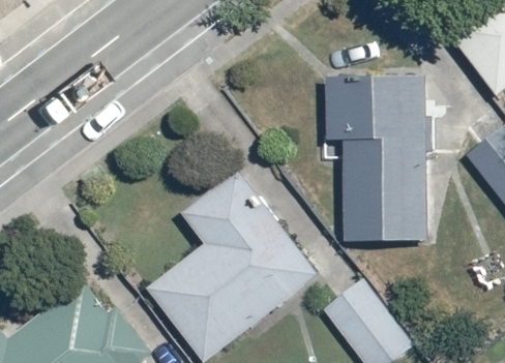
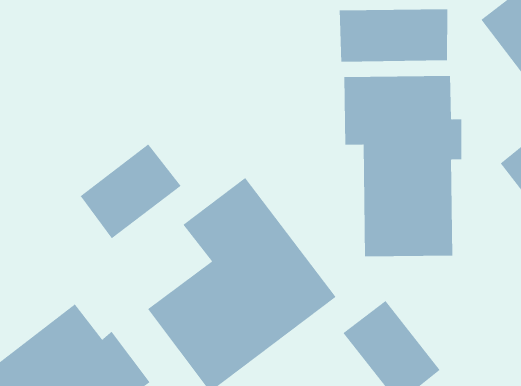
building: none -> [339,9,448,63]
building: none -> [80,144,182,239]

